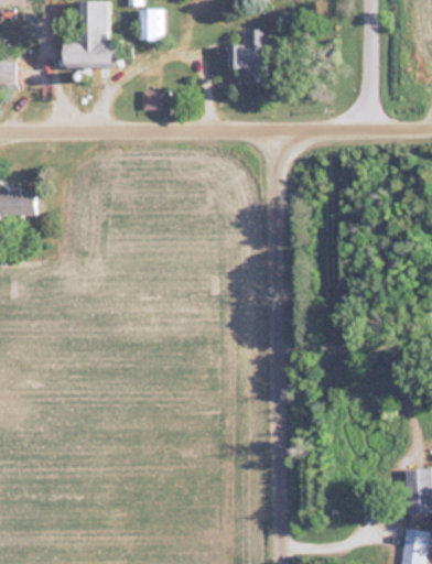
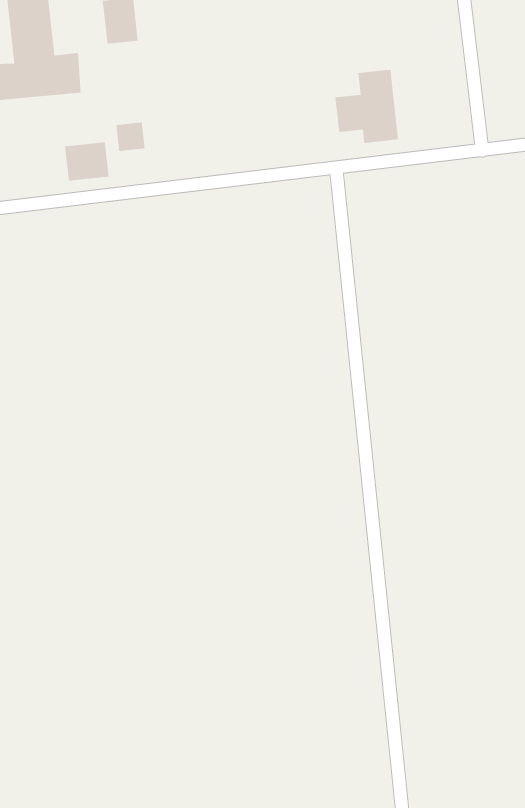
building: [228,29,267,75] -> [335,69,399,143]
building: none -> [65,141,109,182]

